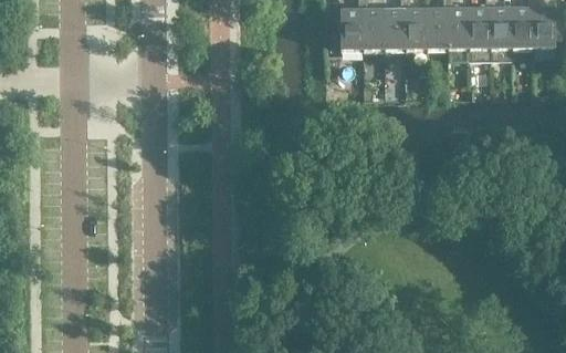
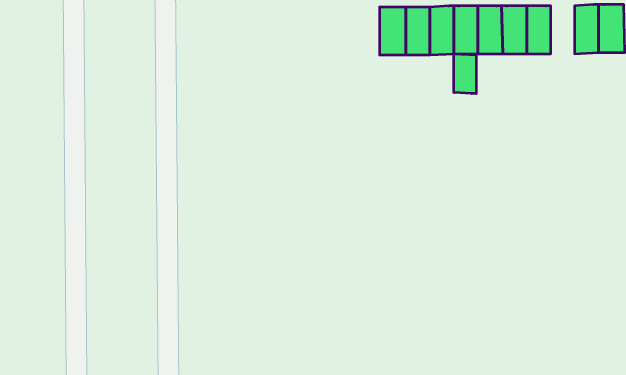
building: [491,7,512,49] -> none
building: none -> [454,54,476,94]

